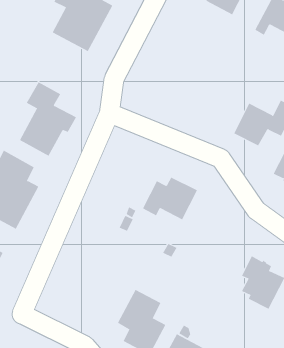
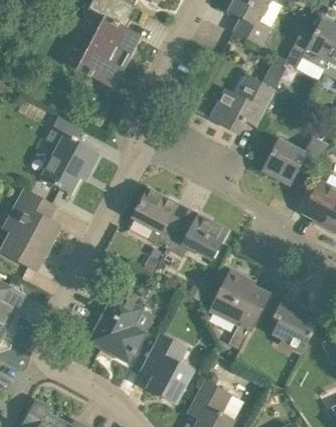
building: none -> [210,55,283,133]
building: none -> [132,190,182,249]
building: none -> [209,271,268,350]
building: none -> [89,293,145,363]

